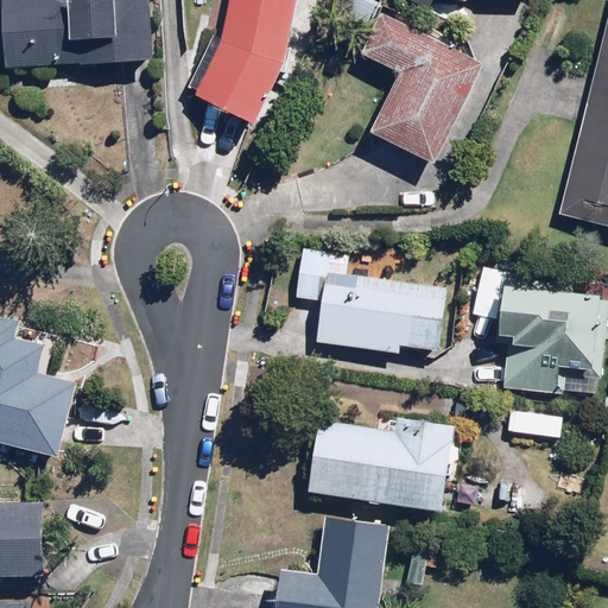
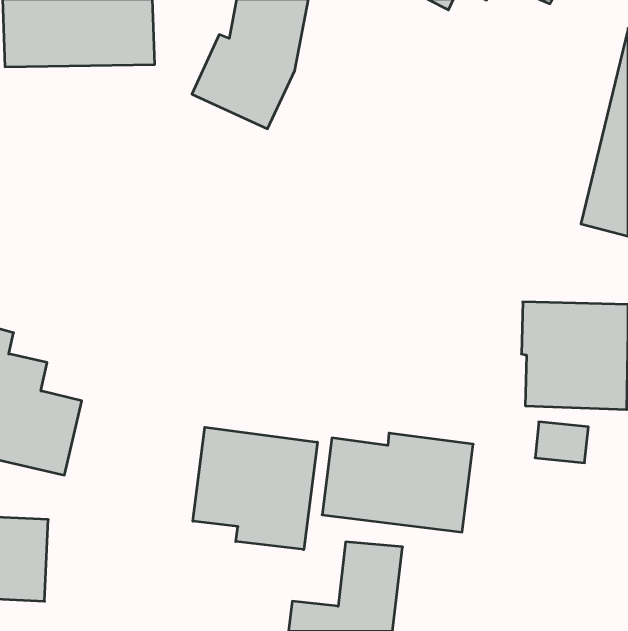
building: [362,13,483,160] -> none
building: [293,245,446,354] -> none
building: none -> [193,427,317,550]

